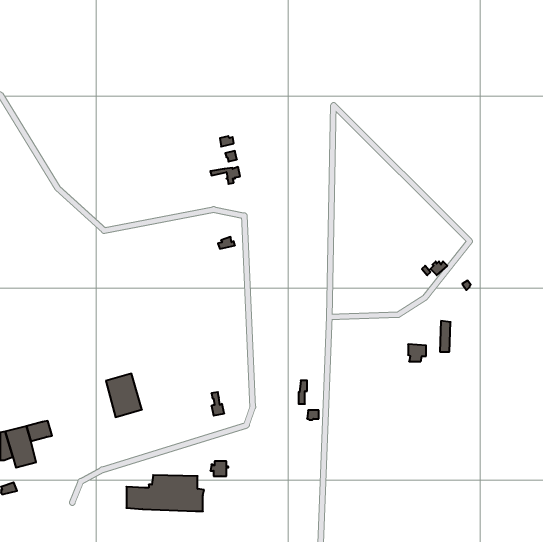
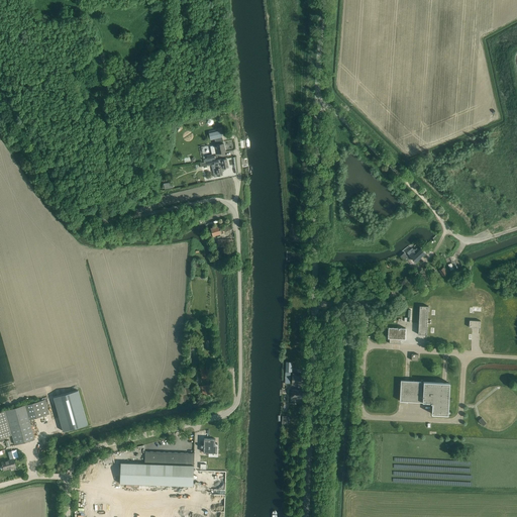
building: [106,374,142,417] -> [54,391,88,432]
building: none -> [400,381,449,416]

